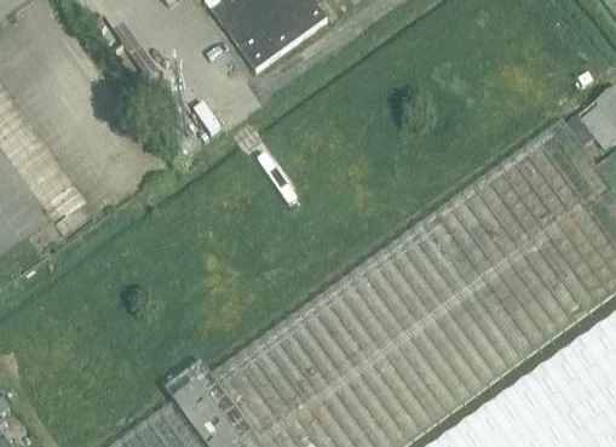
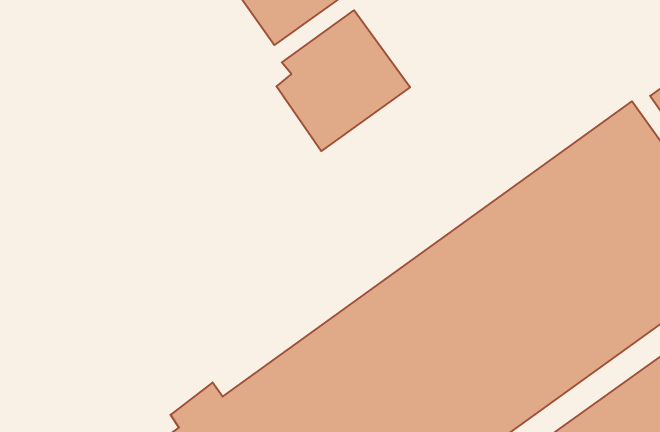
building: none -> [276,10,410,151]

